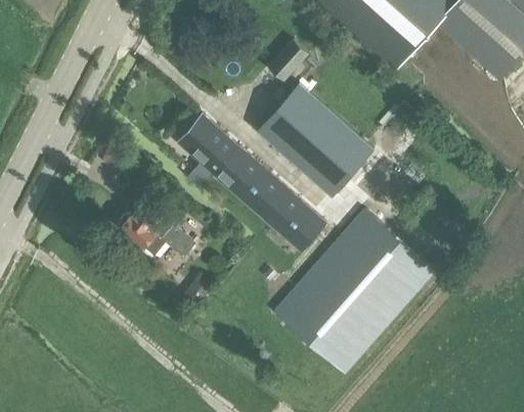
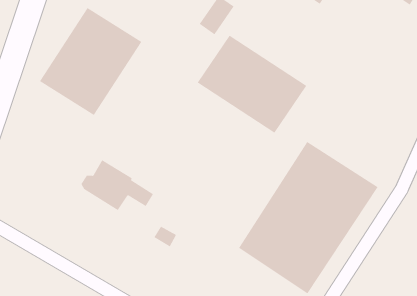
building: none -> [39,7,142,116]
building: [177,113,328,251] -> none

